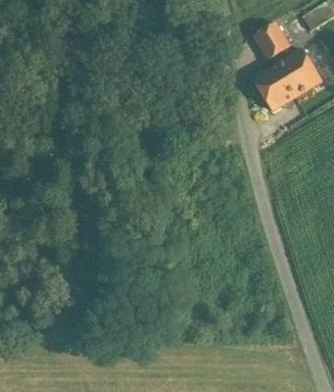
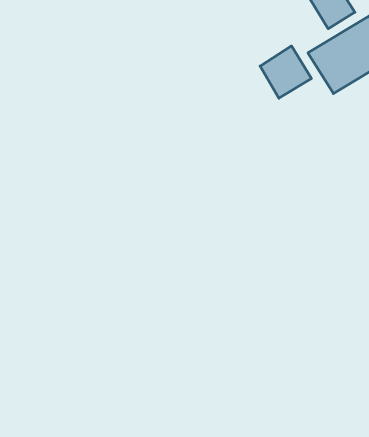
building: none -> [260,46,311,98]

